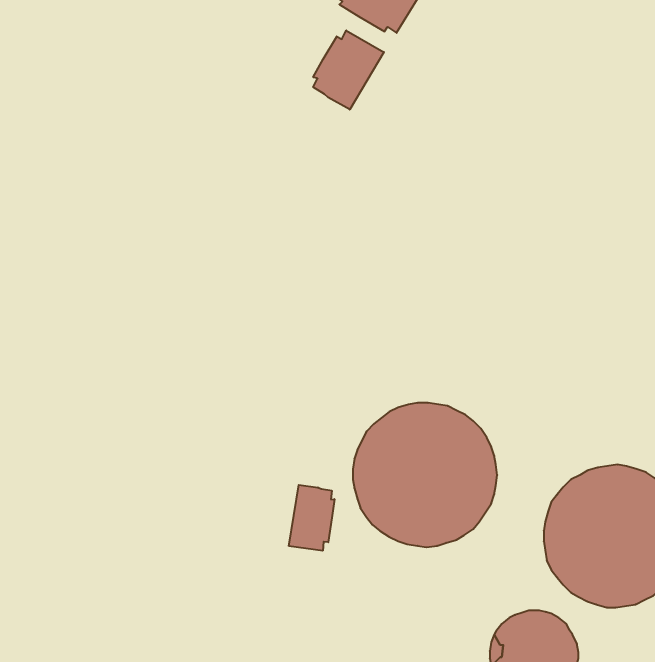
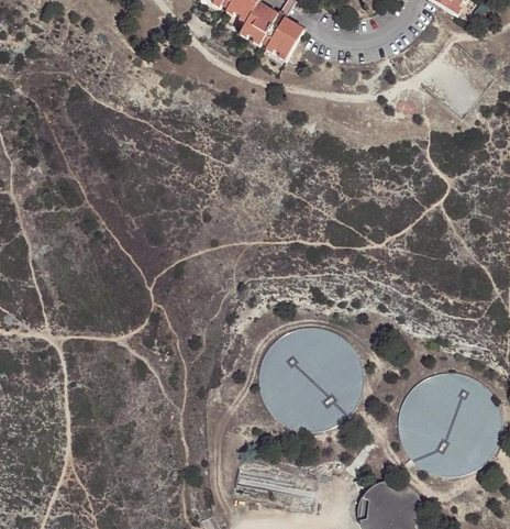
building: [313,30,384,110] -> none
building: [289,485,334,551] -> none

